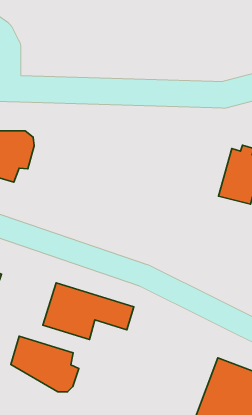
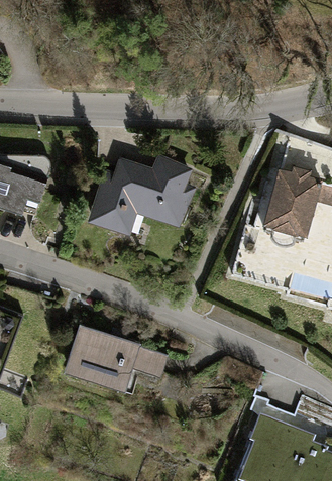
building: none -> [86,156,188,231]
building: [11,336,79,392] -> none

